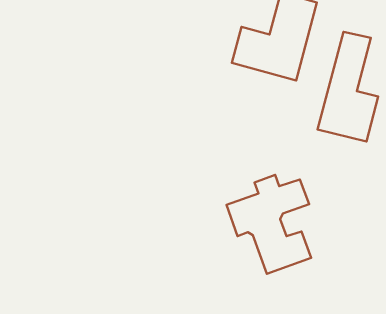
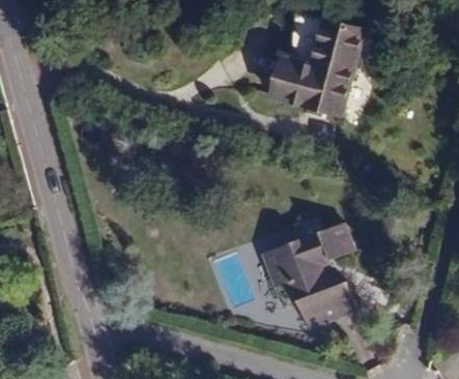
building: [318,32,378,141] -> none

